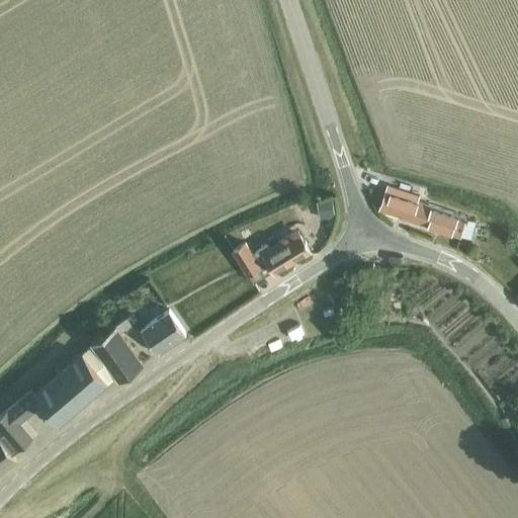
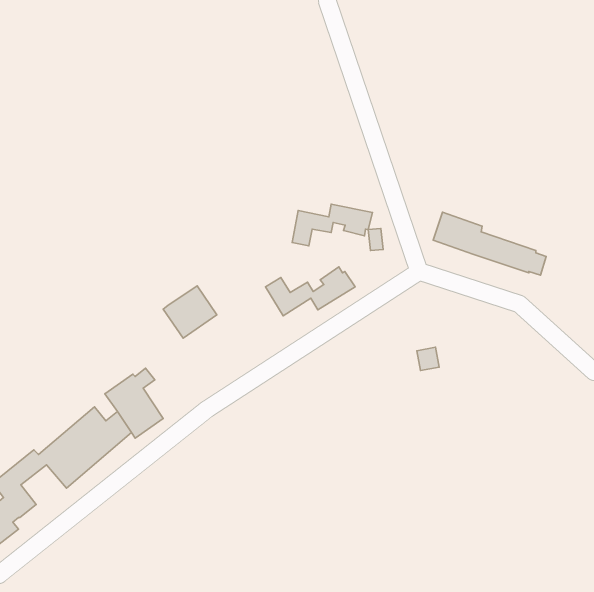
building: none -> [292,204,372,246]
building: [139,312,185,357] -> [163,286,217,338]

